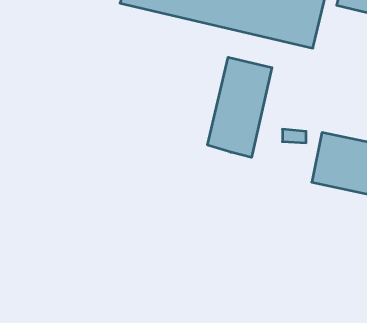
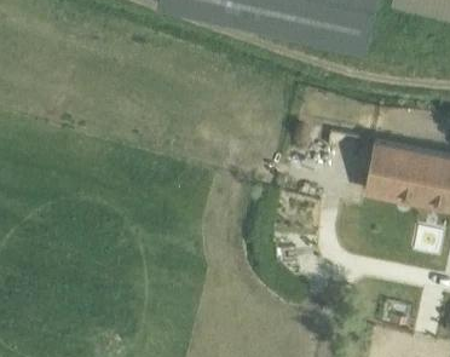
building: [208,57,272,157] -> none

